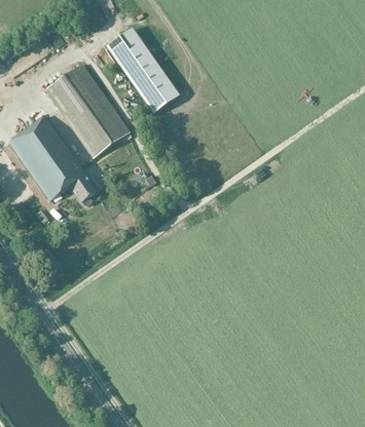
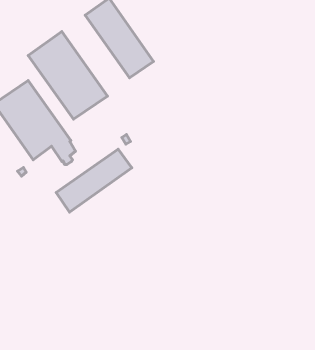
building: none -> [56,149,132,212]

